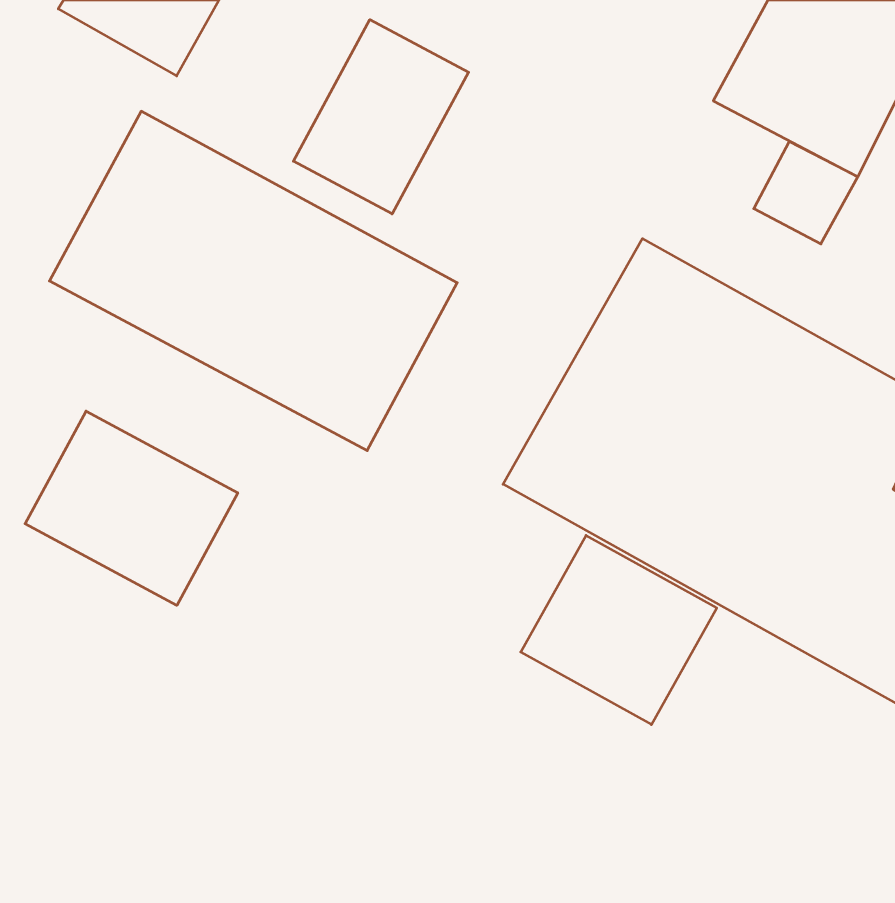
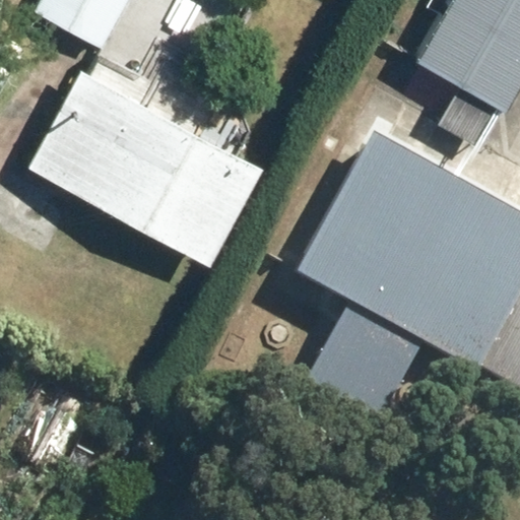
building: [293,20,469,214] -> none
building: [25,411,238,605] -> none

